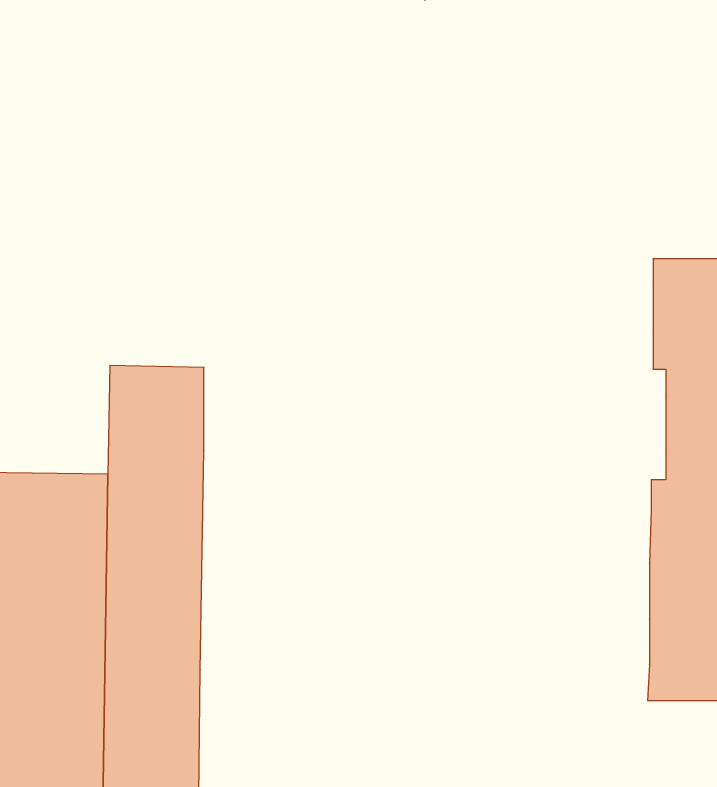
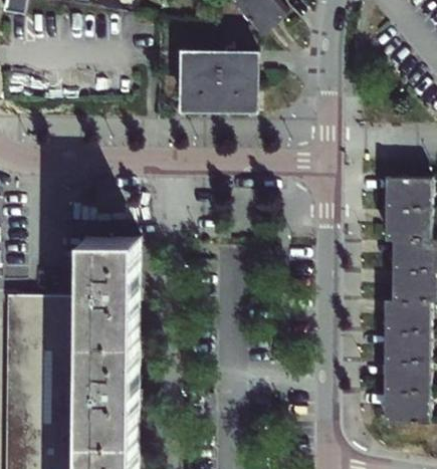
building: none -> [183,51,255,106]

